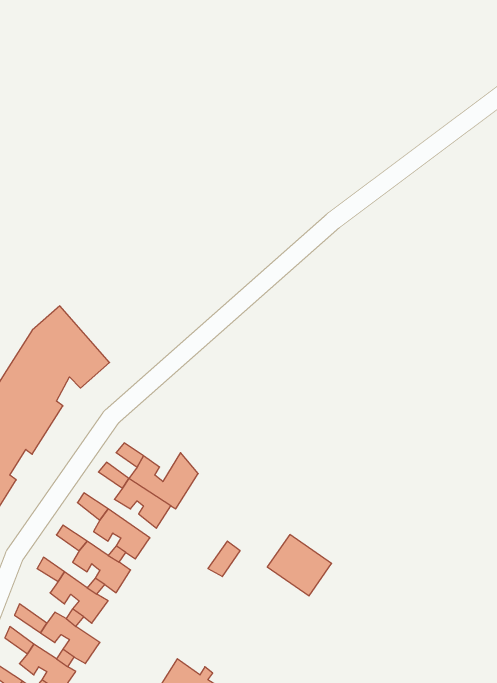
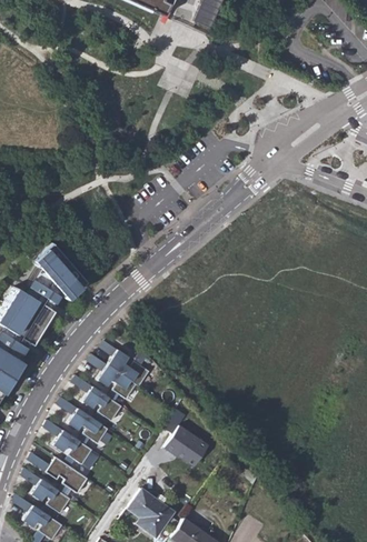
building: [267,535,332,596] -> [162,425,207,468]

